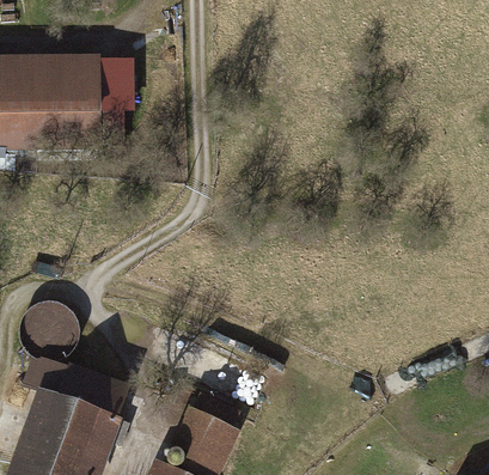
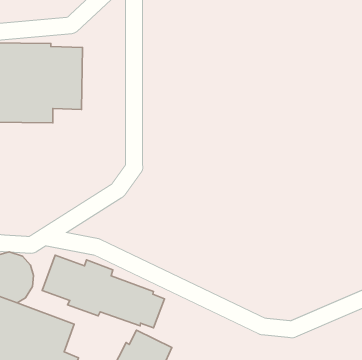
building: none -> [42,255,164,328]

